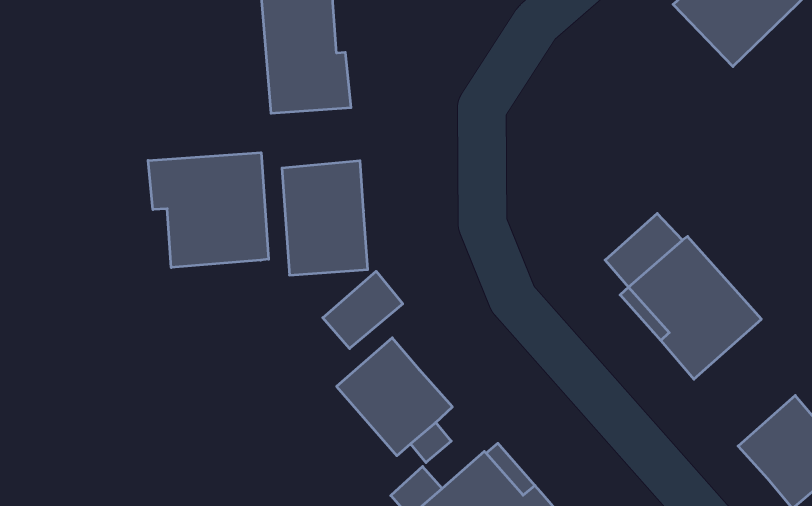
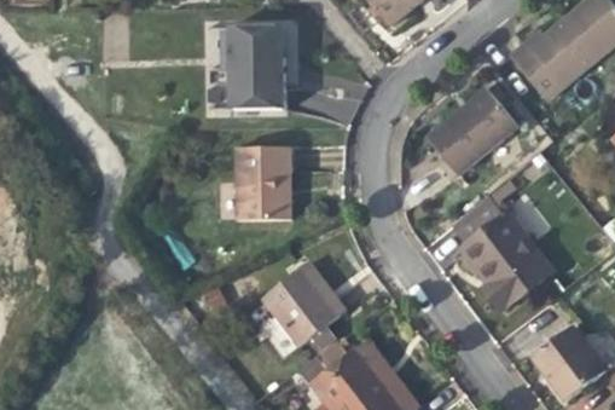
building: none -> [427,87,517,173]
building: [148,153,269,268] -> none
building: [323,271,403,349] -> none

